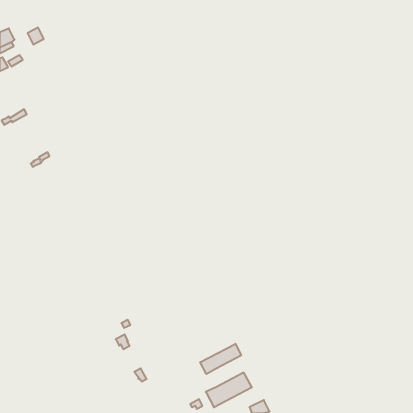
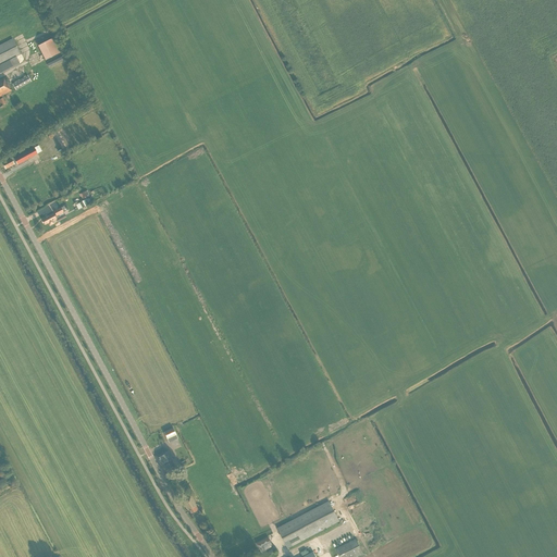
building: [200,344,241,374] -> none

